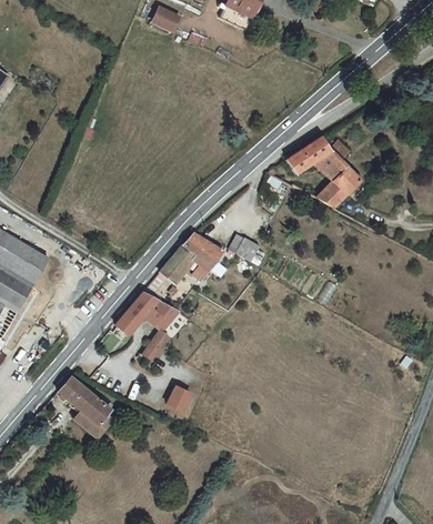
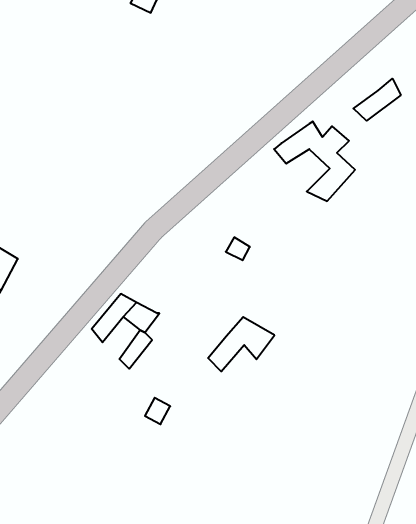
building: none -> [353,79,401,121]
building: [162,233,223,283] -> [208,317,274,371]
building: [57,377,110,443] -> none

